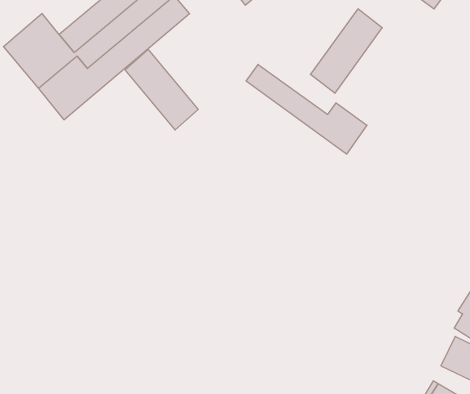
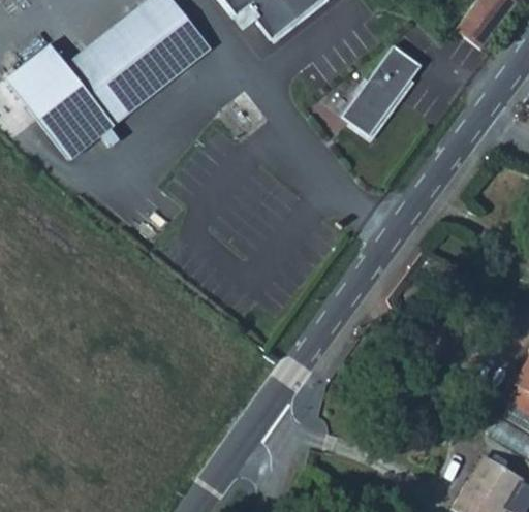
building: [125,49,198,130] -> none
building: [246,64,367,154] -> none

